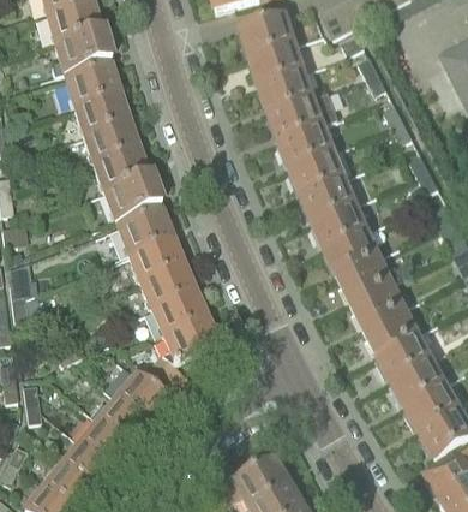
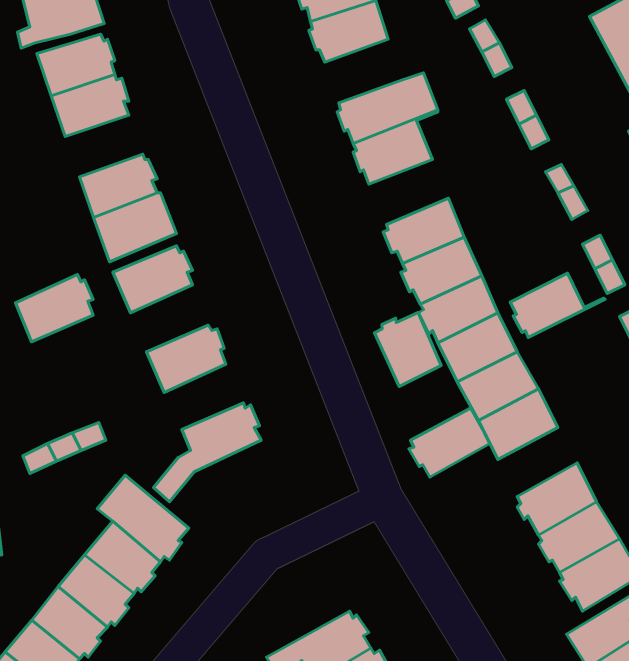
building: [259,70,313,113] -> none
building: [84,121,137,163] -> none
building: [289,151,344,196] -> none
building: none -> [510,273,605,338]
building: [128,237,181,282] -> [16,275,93,342]
building: none -> [374,312,441,387]
building: [151,291,205,335] -> none
building: [377,334,432,381] -> [409,408,490,477]

